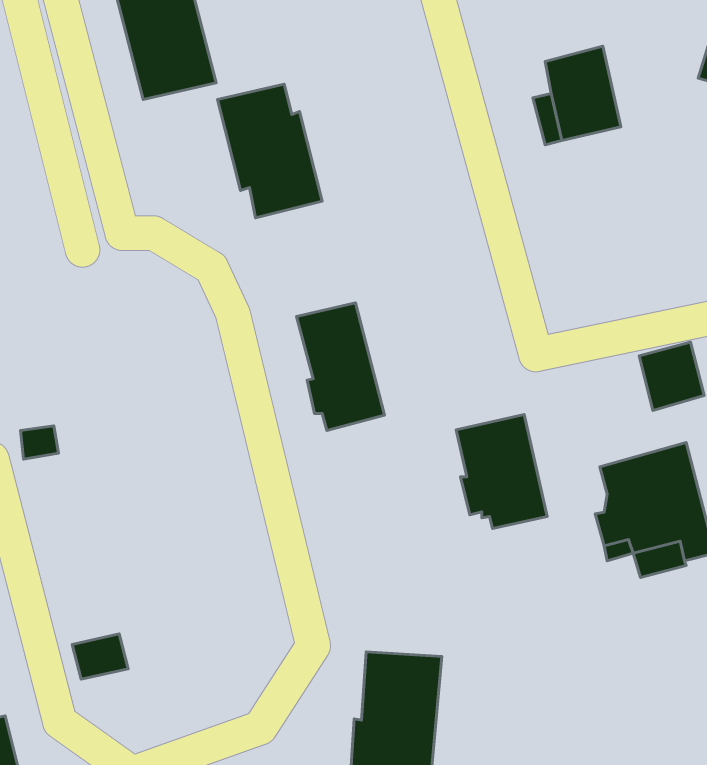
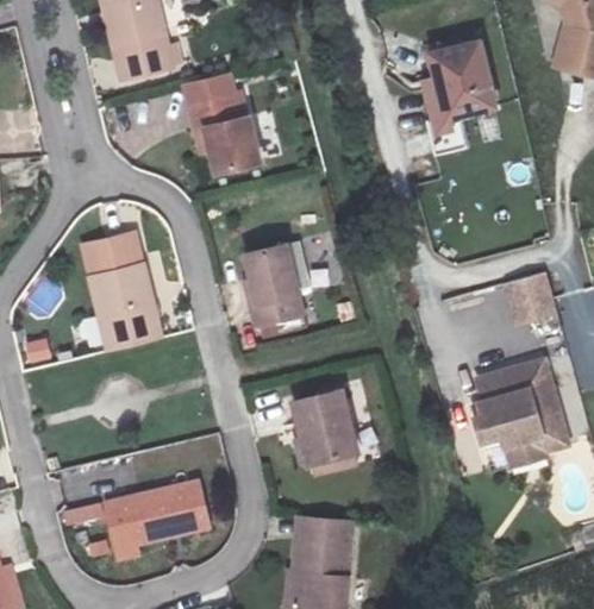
building: none -> [77,230,163,351]
building: [456,415,547,528] -> [287,388,358,477]
building: none -> [104,477,217,561]

